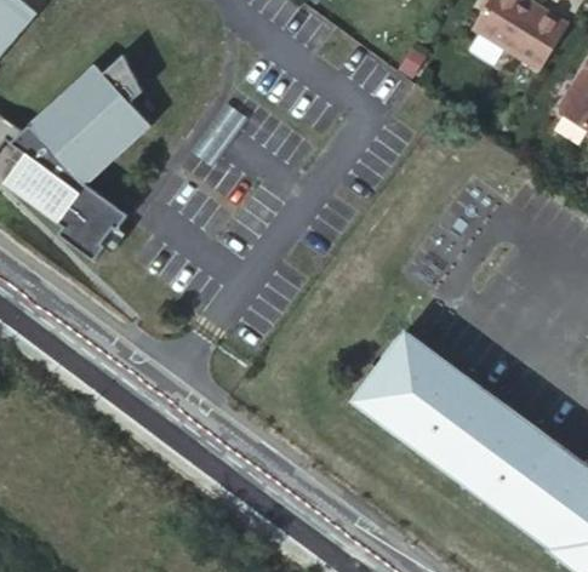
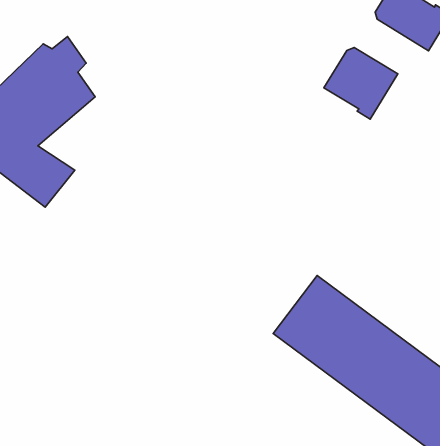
building: none -> [324,48,398,119]

